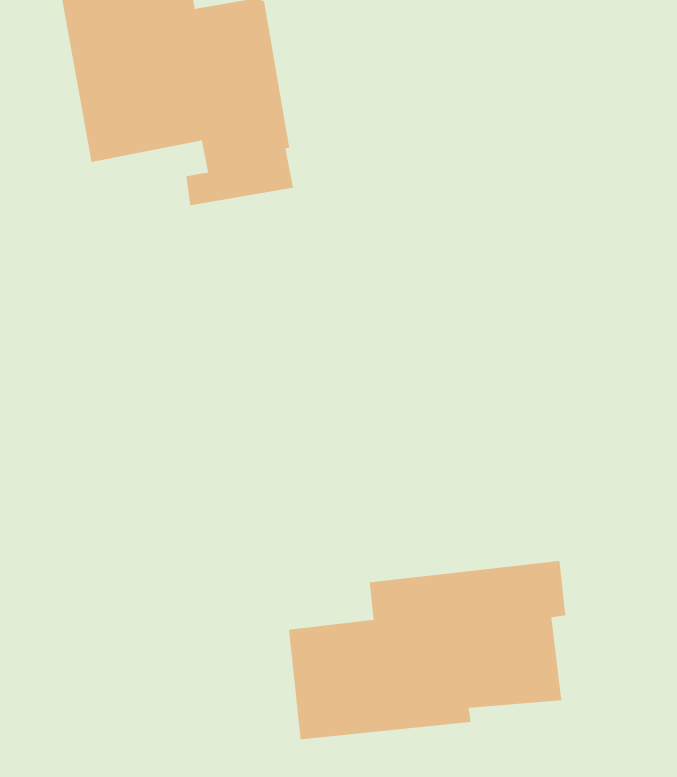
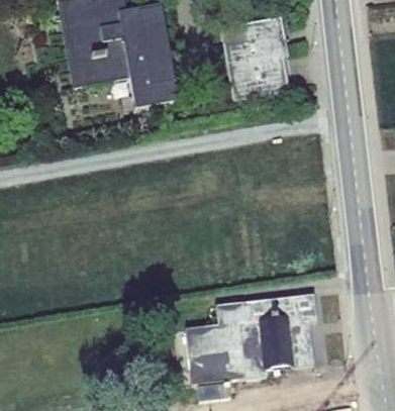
building: none -> [221,15,290,100]

